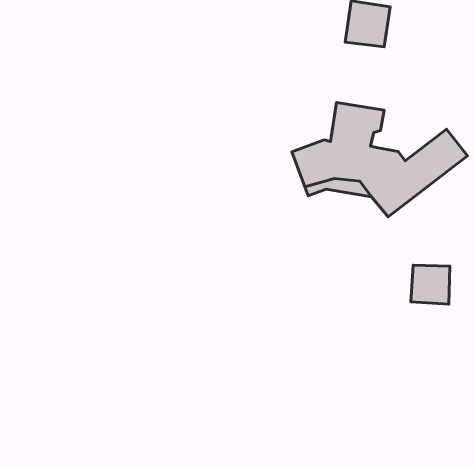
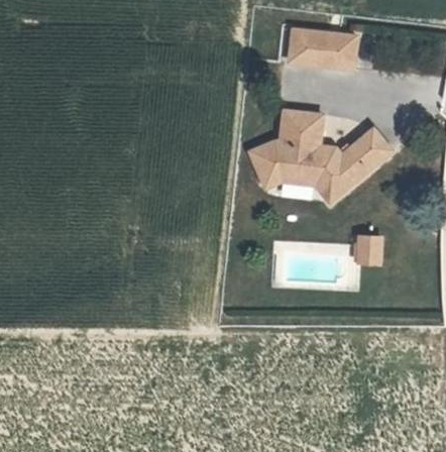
building: none -> [320,32,355,68]

